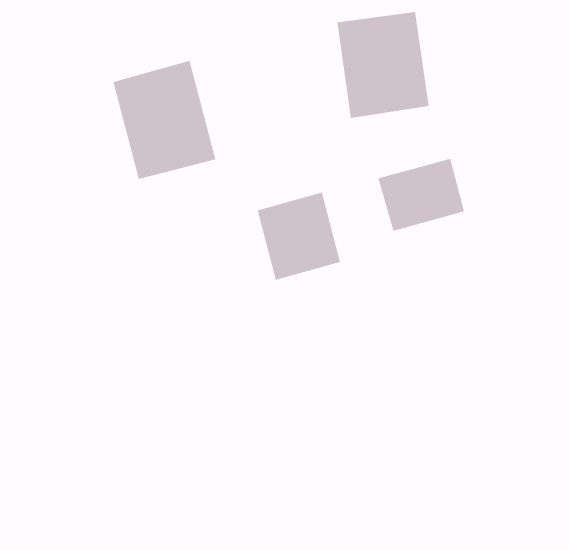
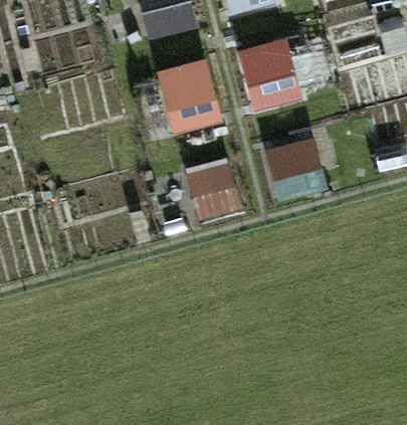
building: [112,60,216,180] -> [154,58,222,137]

